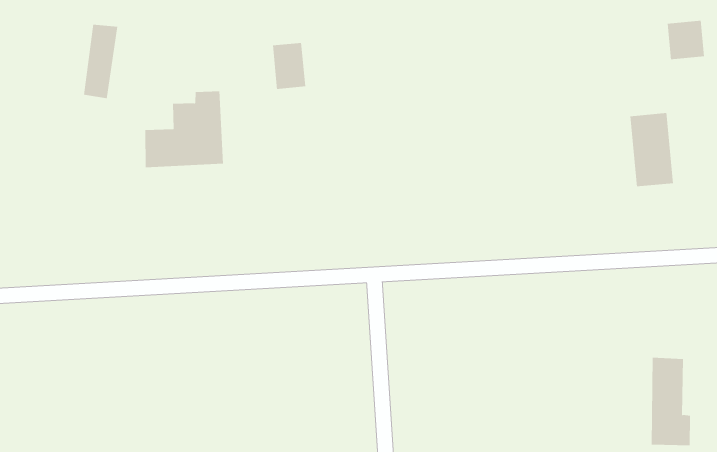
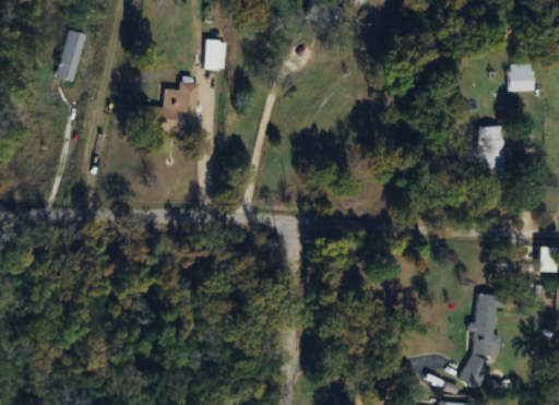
building: [83,24,118,99] -> [57,29,85,82]
building: [272,42,306,89] -> [204,39,225,70]

